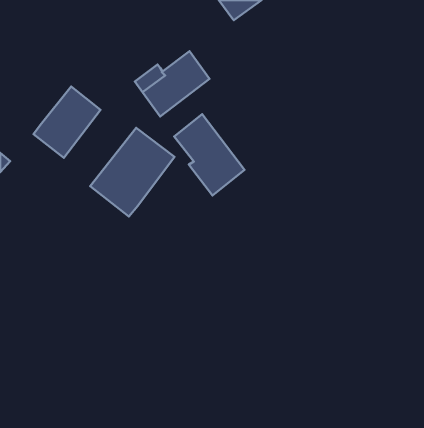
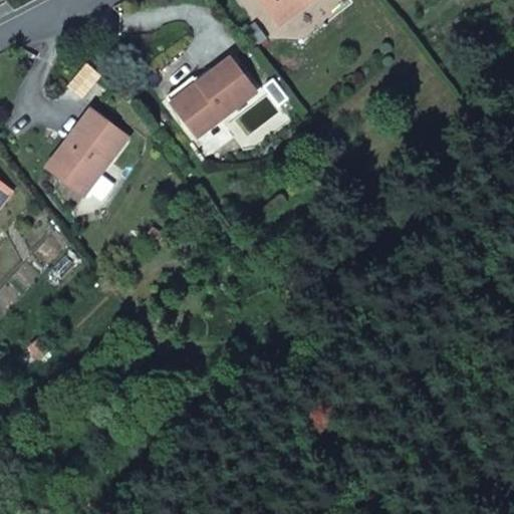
building: [174,114,245,195] -> none
building: [90,128,175,217] -> none

